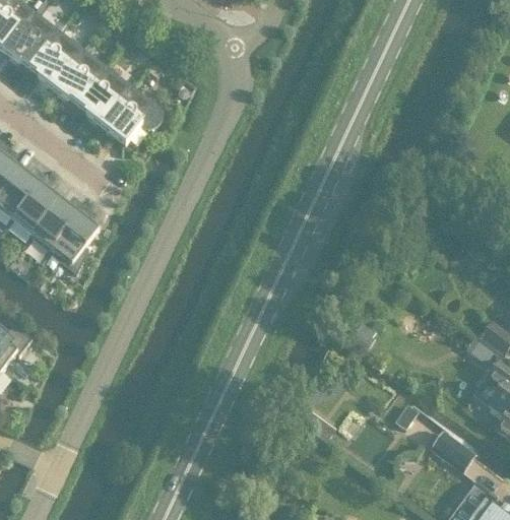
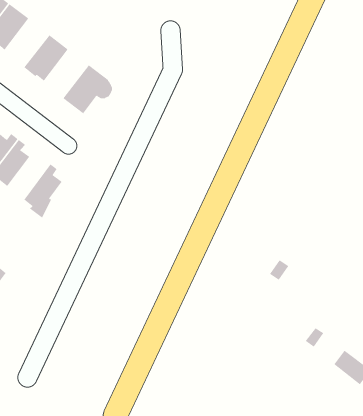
building: [26,29,80,88] -> none
building: [74,67,128,126] -> none
building: [29,197,81,249] -> none

